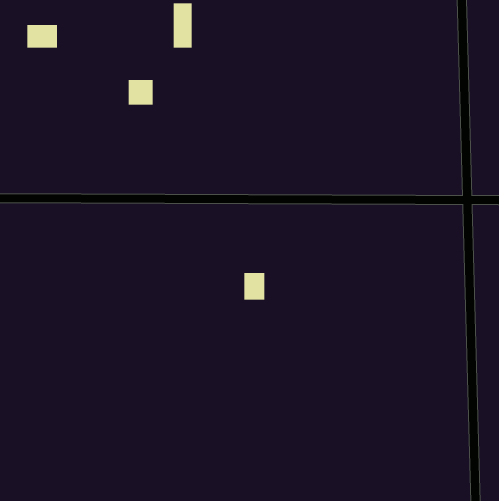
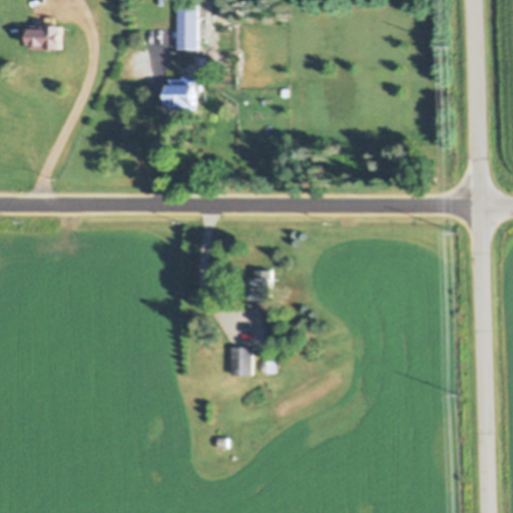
building: [128,80,153,105] -> [167,80,193,106]
building: none -> [229,347,251,375]

